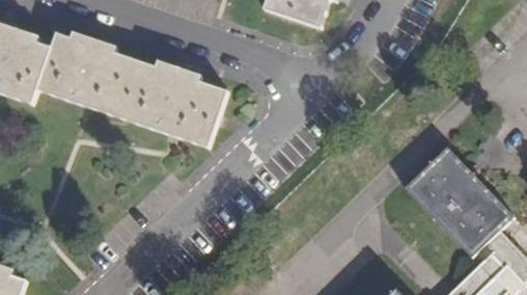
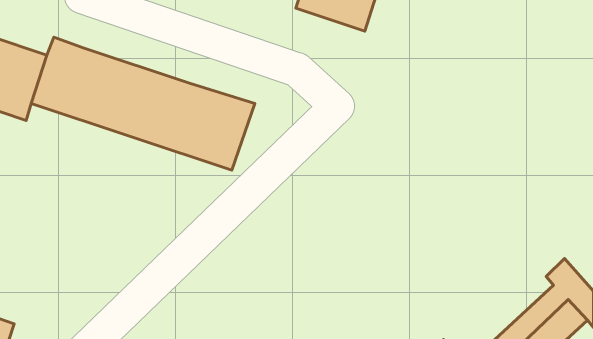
building: [400,143,510,254] -> none

